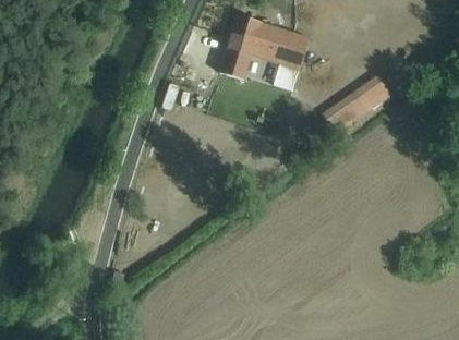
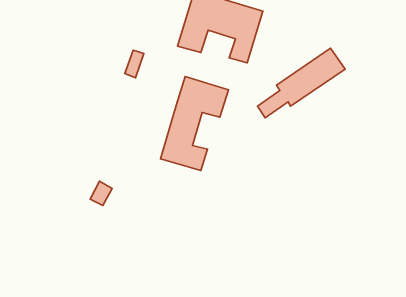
building: none -> [161,77,228,171]

